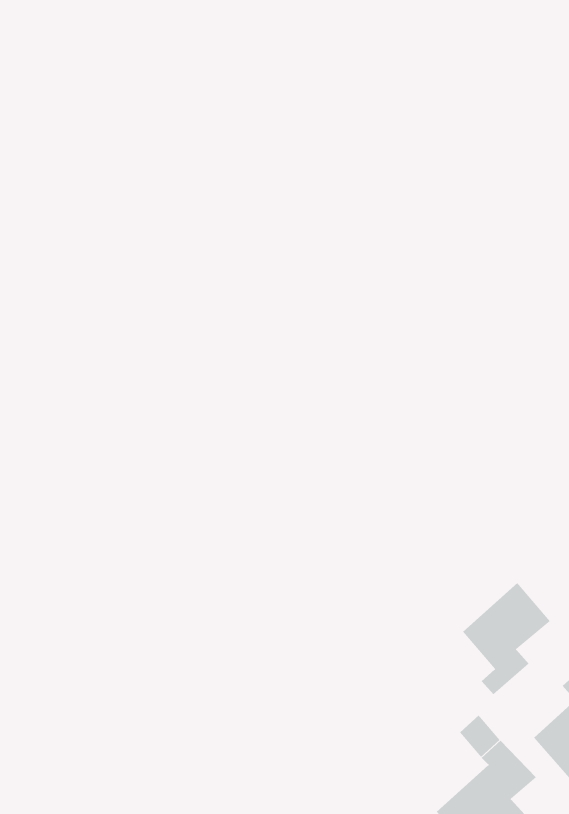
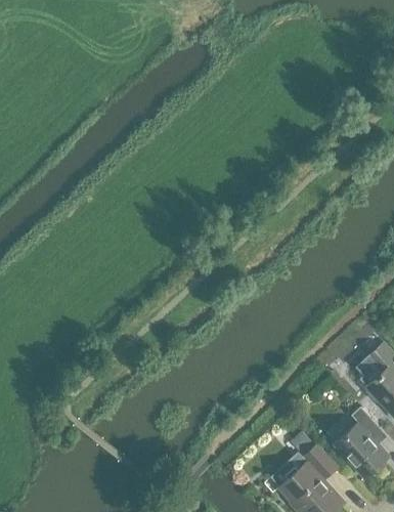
building: [462,582,551,695] -> none

